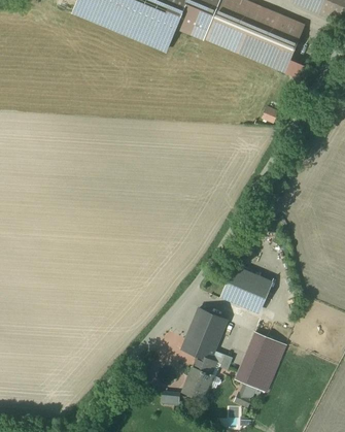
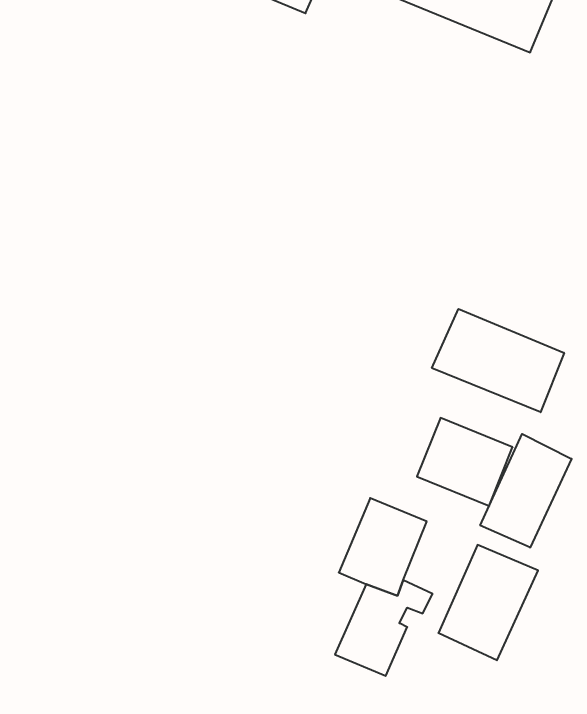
building: none -> [432,309,564,412]
building: none -> [480,434,572,548]

